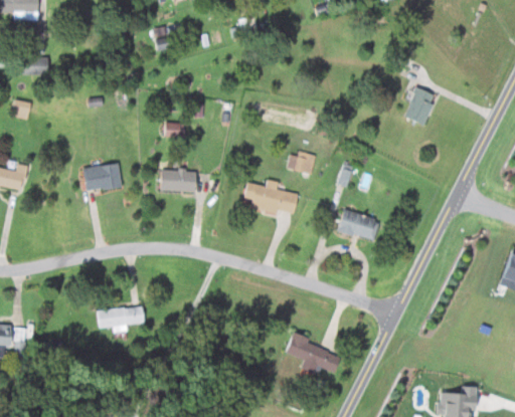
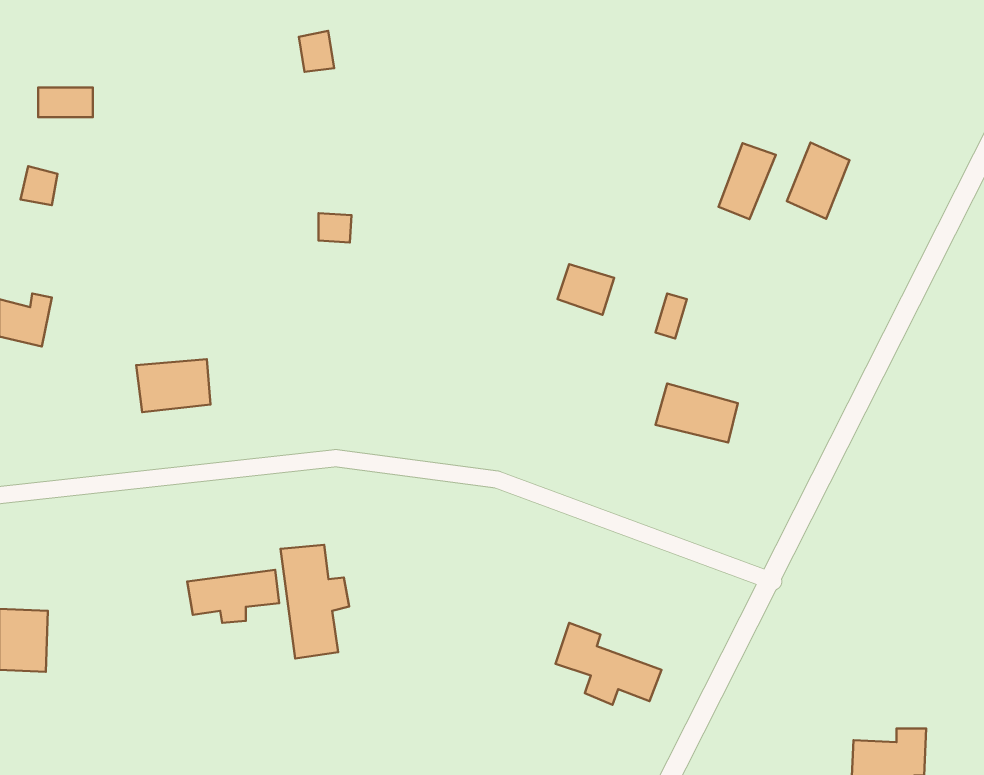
building: none -> [719,143,776,219]
building: [82,163,121,190] -> [136,359,211,412]
building: [160,171,195,190] -> none
building: [243,179,298,217] -> none
building: none -> [281,545,349,659]

